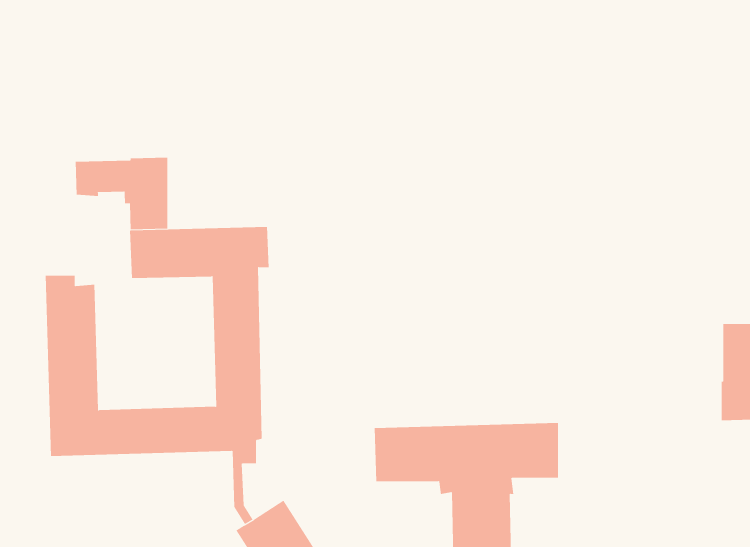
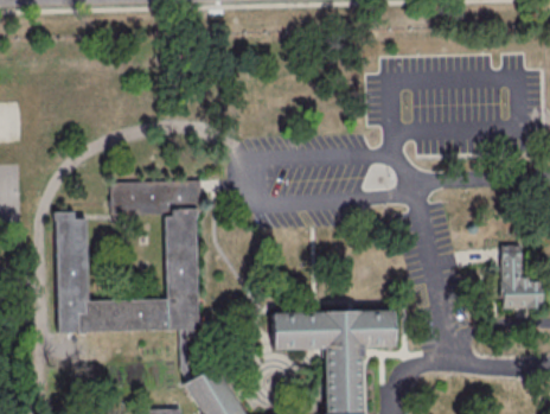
building: [75,157,168,230] -> none

